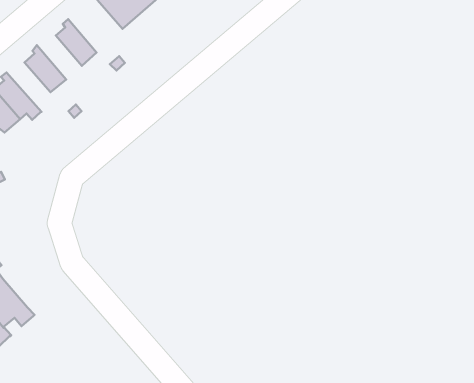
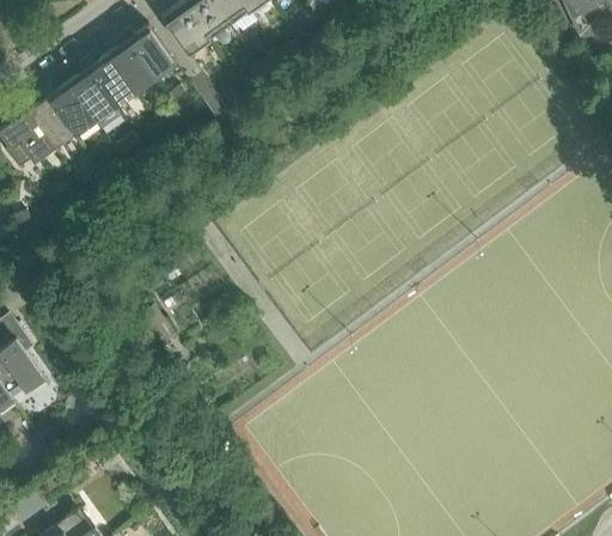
building: none -> [124,24,176,78]
building: none -> [84,53,135,106]
building: none -> [44,81,94,134]

